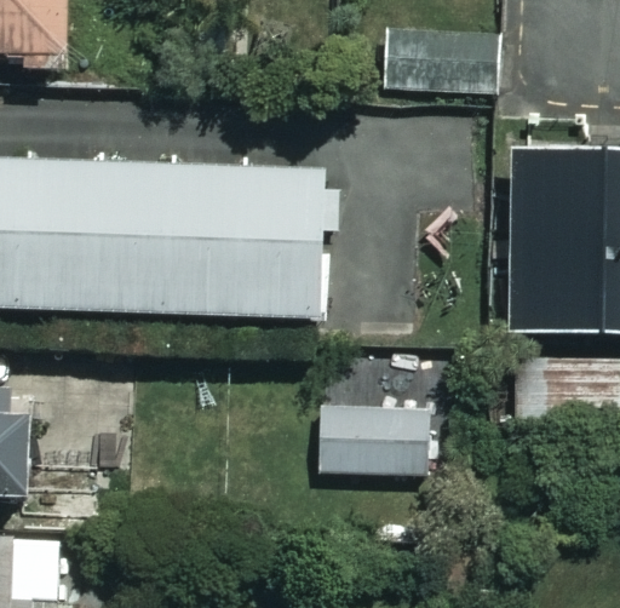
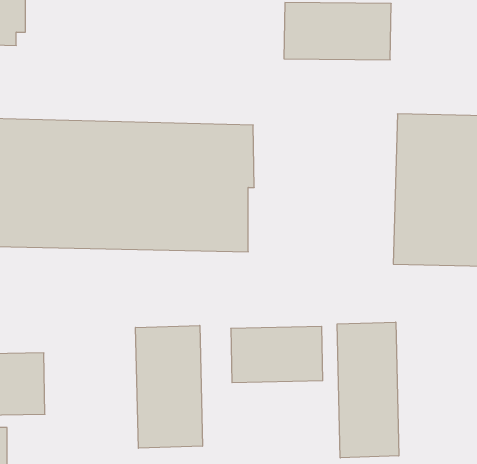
building: none -> [337,322,399,458]
building: none -> [136,325,202,448]

